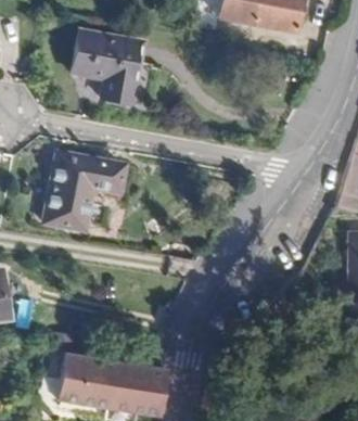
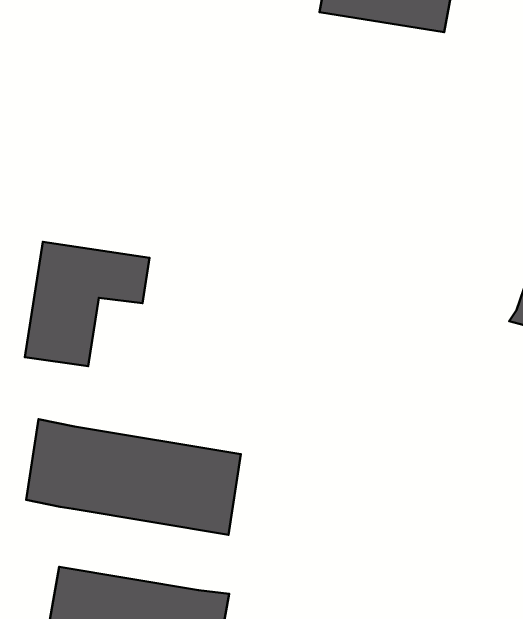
building: [77,34,145,104] -> none
building: none -> [26,419,241,535]

